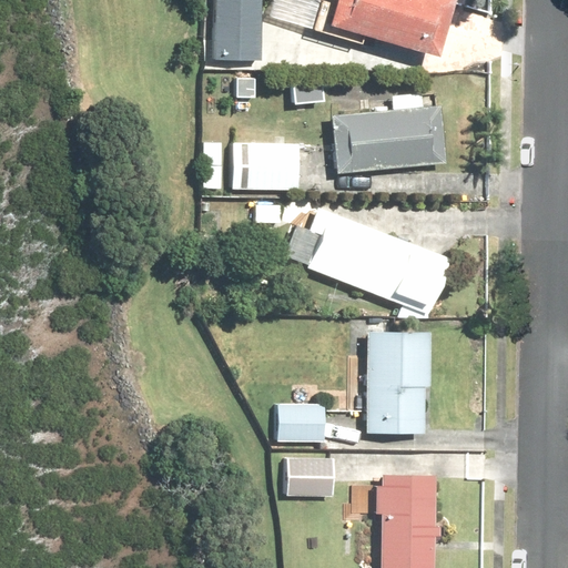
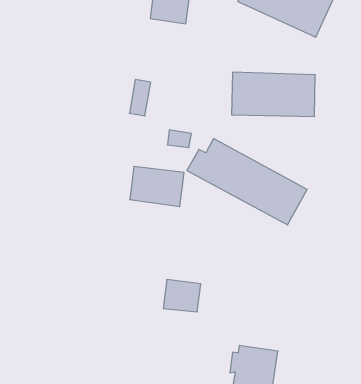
building: [231,142,298,187] -> [130,166,184,206]
building: [363,331,430,434] -> none
building: [286,456,334,497] -> none

